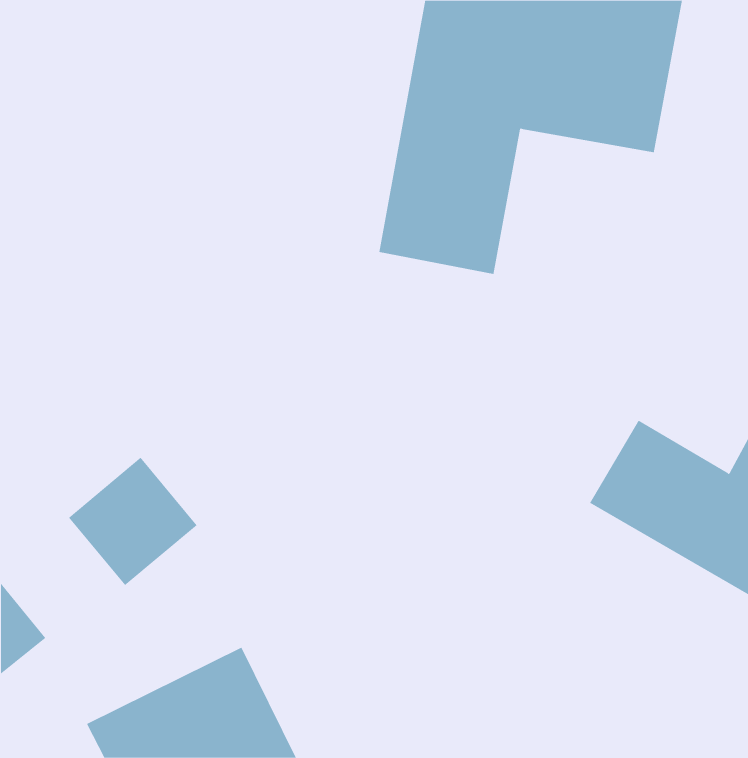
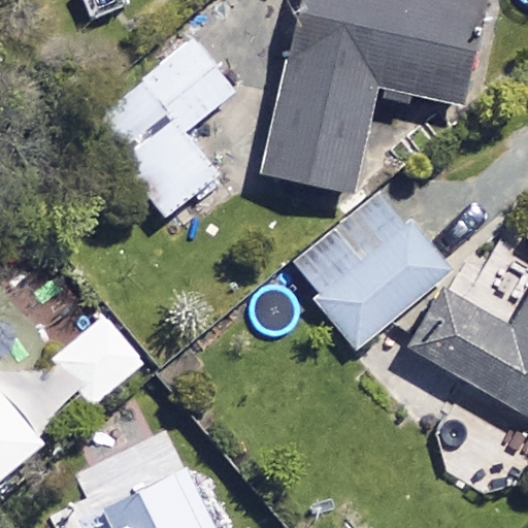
building: none -> [88,39,235,219]
building: none -> [288,191,450,351]

